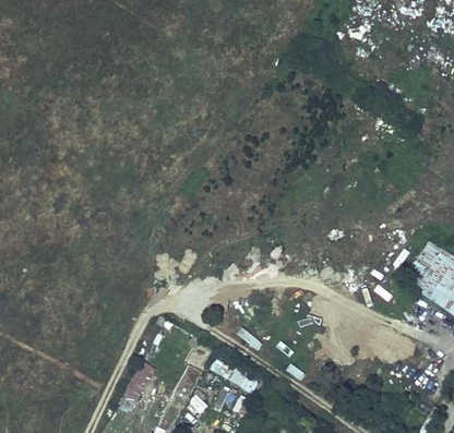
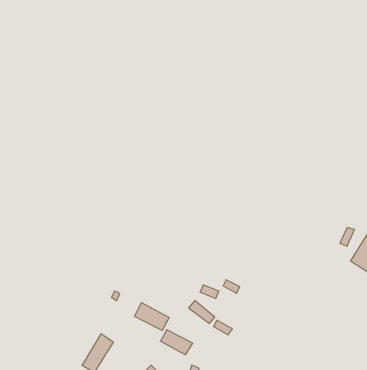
building: none -> [135,302,169,331]

